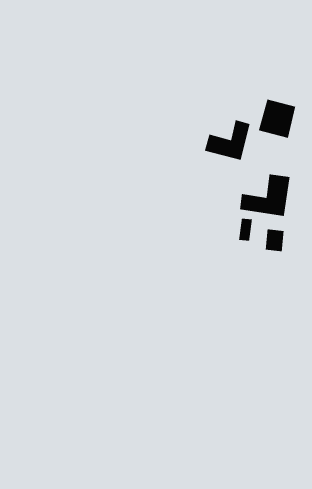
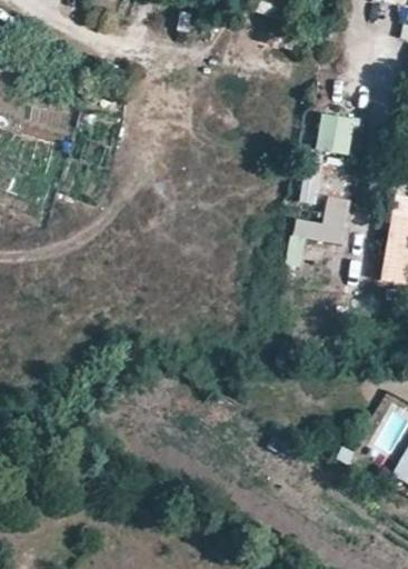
building: [204,119,251,161] -> none

